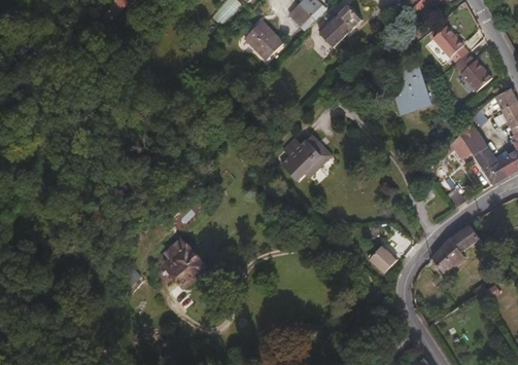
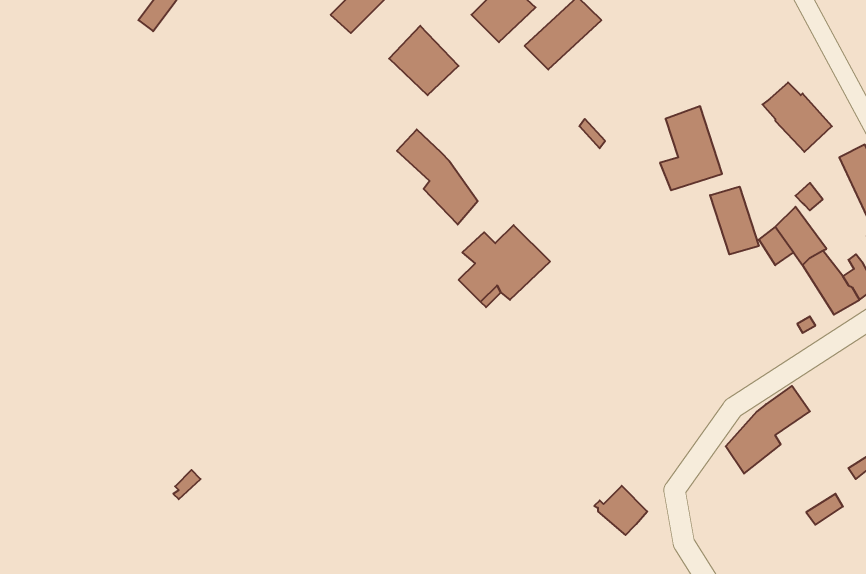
building: [435,28,468,63] -> none
building: none -> [397,129,478,225]
building: none -> [710,187,759,254]
building: [166,240,208,288] -> none
building: [369,245,399,272] -> [594,486,647,535]

